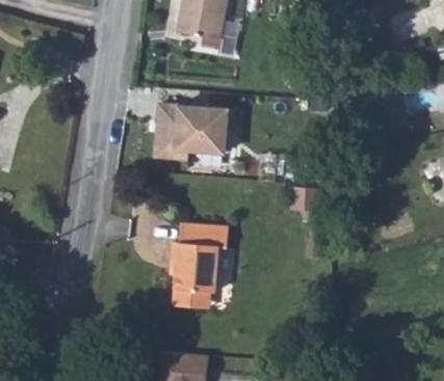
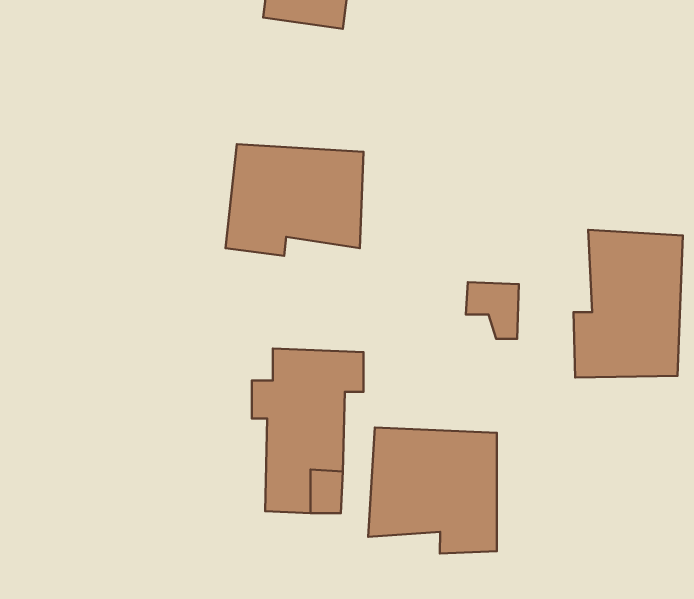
building: none -> [573,230,683,378]
building: none -> [368,428,497,553]

